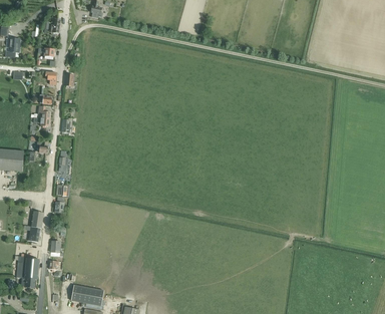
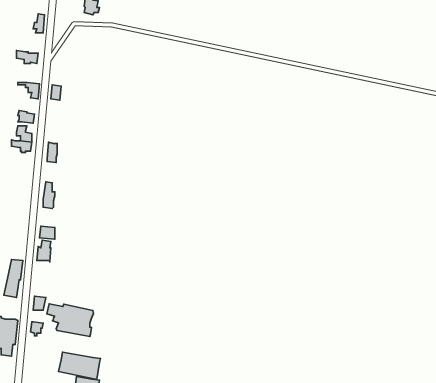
building: none -> [47,304,93,336]

